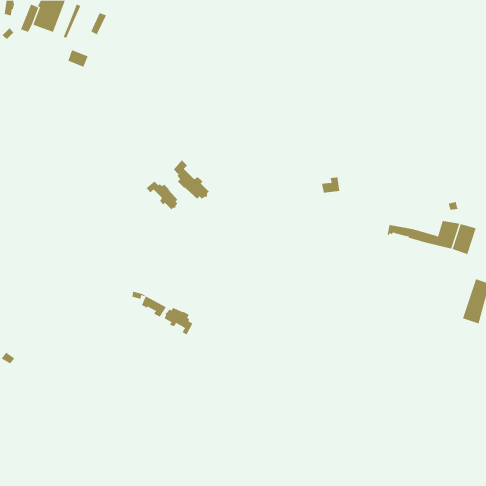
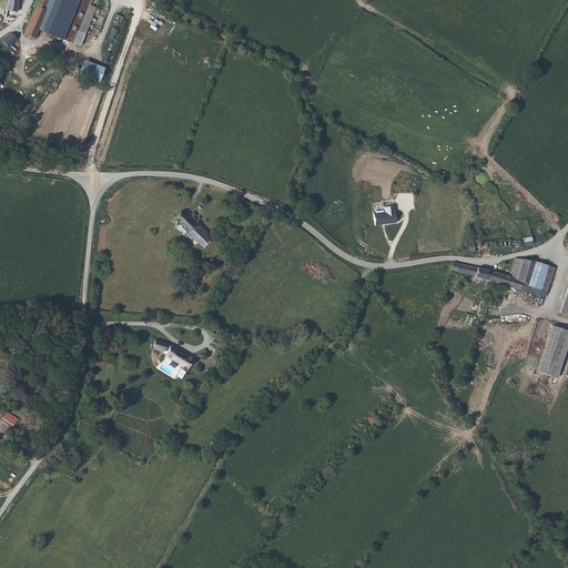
building: [173,160,210,200] -> none
building: [164,307,193,335] -> none

